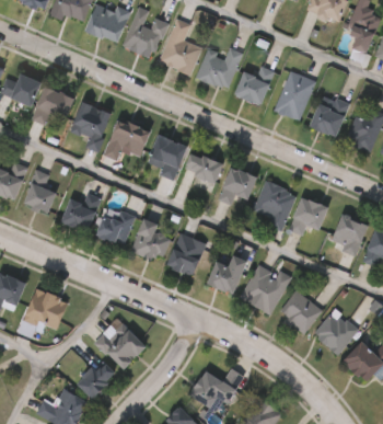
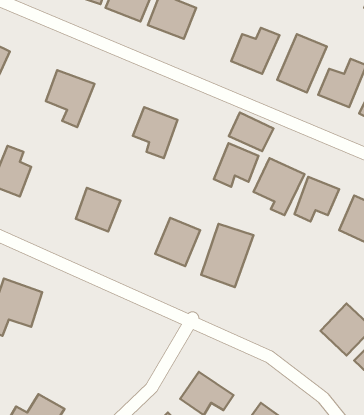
building: [197,47,243,90] -> none
building: [35,87,72,122] -> none
building: [104,119,150,161] -> none
building: [184,151,223,185] -> [229,113,273,151]
building: [59,196,100,233] -> none
building: [130,219,173,264] -> none
building: [241,264,291,313] -> none
building: [278,290,322,334] -> none
building: [95,320,146,370] -> none
building: [74,357,115,398] -> none

